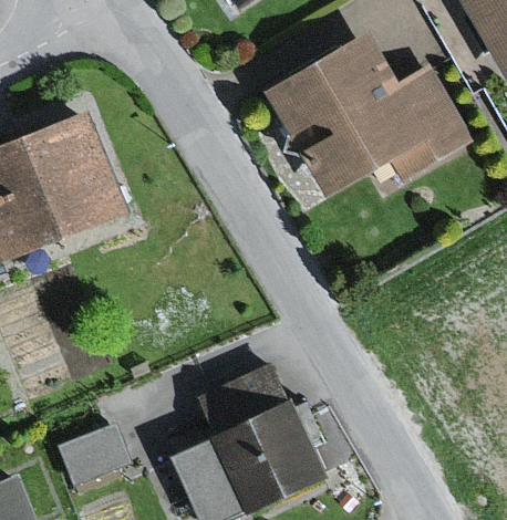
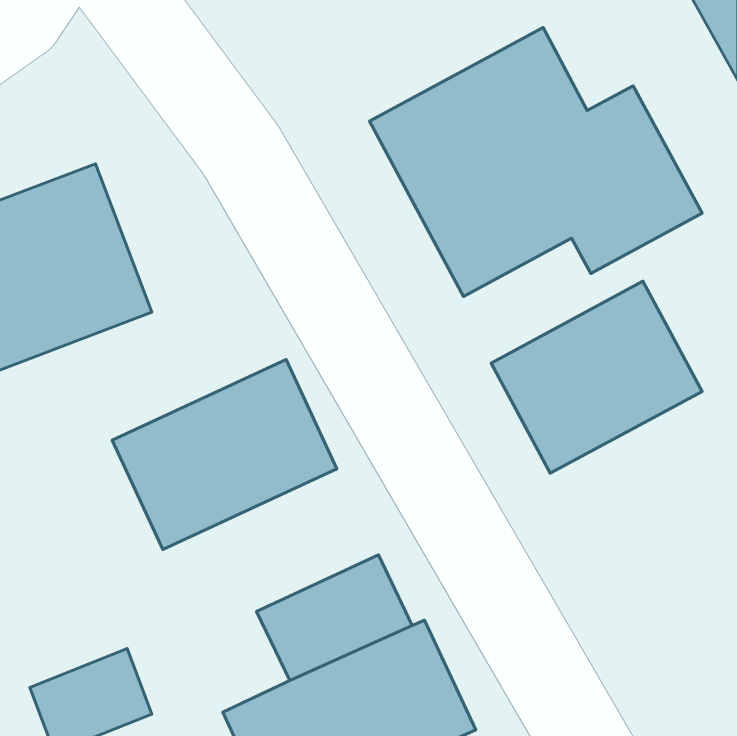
building: none -> [491,281,702,473]
building: none -> [112,360,337,550]

